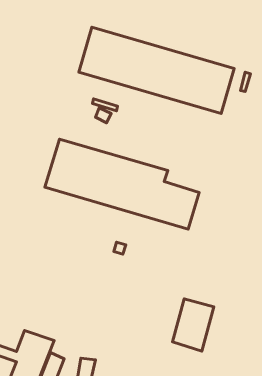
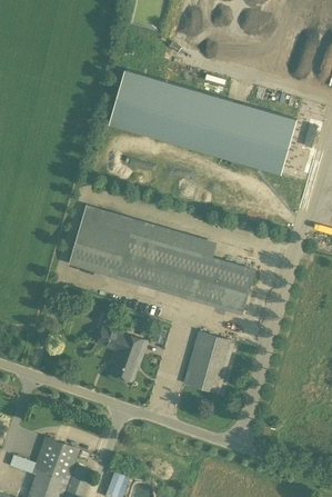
building: none -> [97,327,145,381]
building: [172,299,214,351] -> [183,331,233,395]

